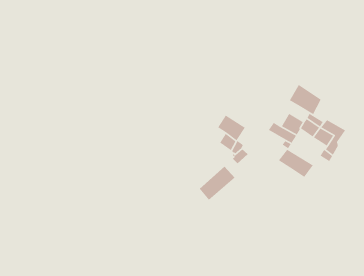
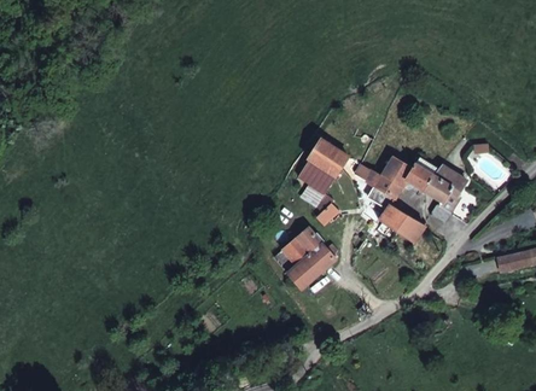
building: [289,84,322,115] -> none
building: none -> [308,138,348,176]
building: none -> [287,243,339,288]

